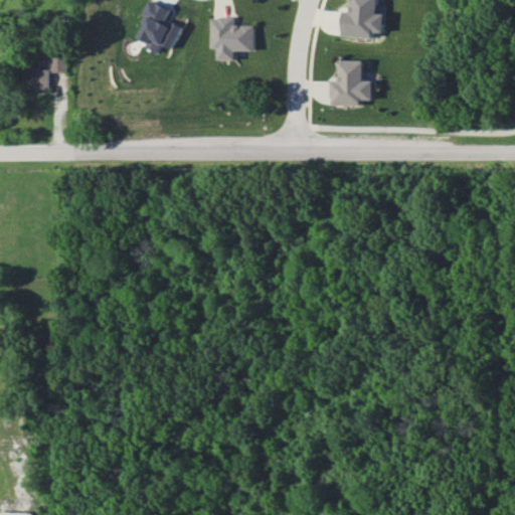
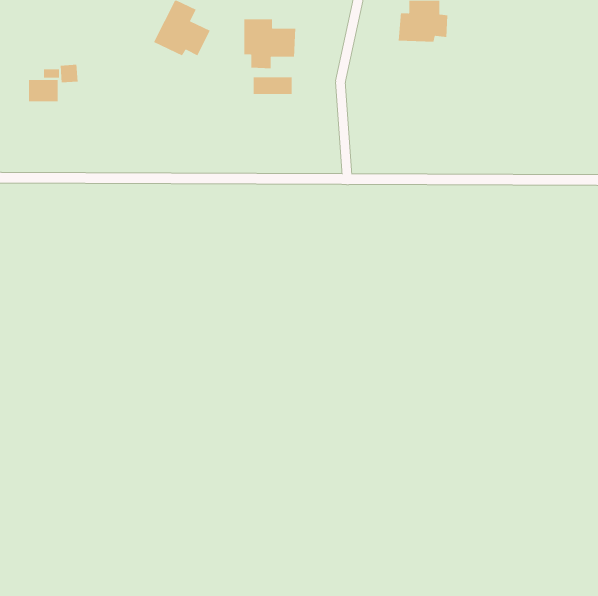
building: [330,60,374,106] -> none
building: none -> [253,77,292,95]

